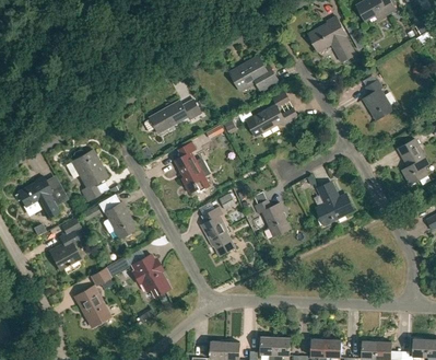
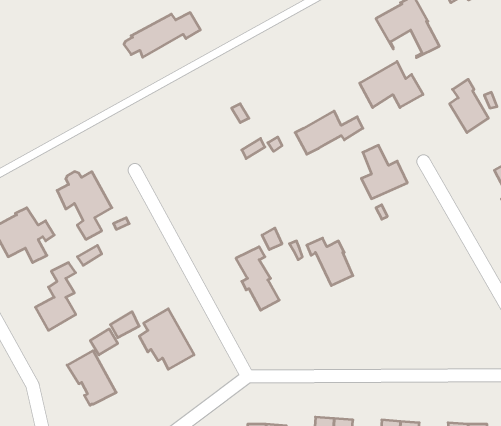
building: [231,55,279,90] -> [360,61,423,108]
building: [144,98,202,132] -> [124,13,200,57]
building: [175,140,211,193] -> none
building: [318,182,353,222] -> [361,145,407,199]
building: [104,200,135,237] -> none

